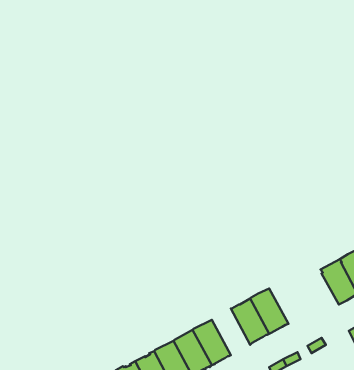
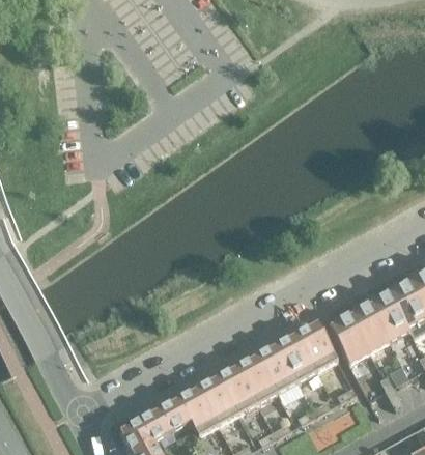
building: none -> [329,314,369,362]
building: none -> [298,322,337,370]
building: none -> [238,354,278,402]

